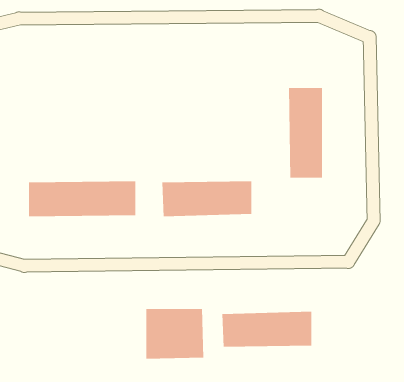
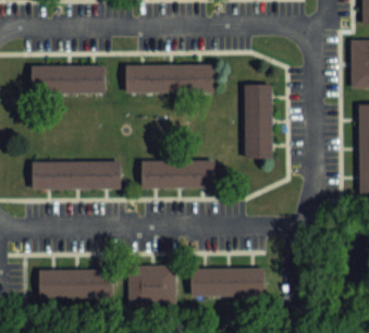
building: none -> [125,63,214,94]
building: none -> [29,65,103,95]
building: none -> [37,269,111,298]

